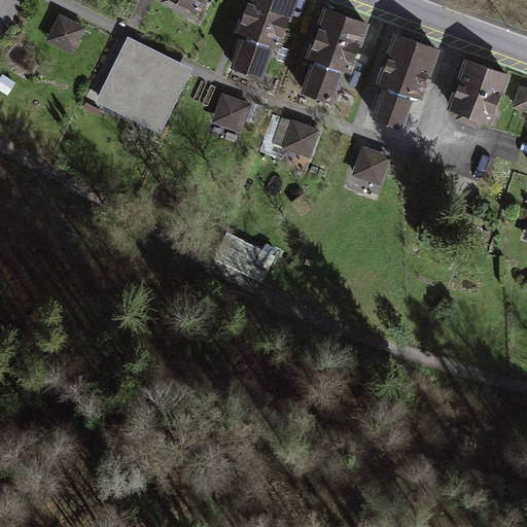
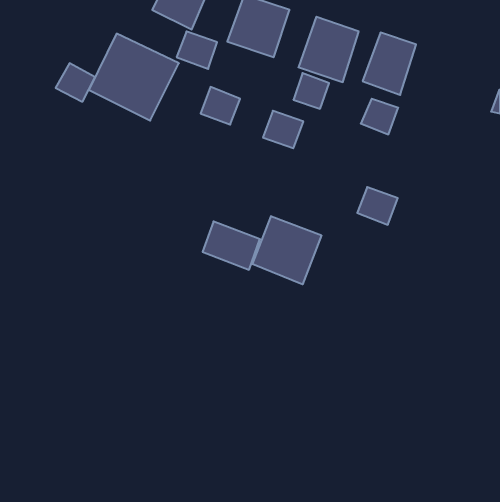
building: [41,11,82,51] -> [56,63,95,102]
building: [233,49,275,89] -> [177,31,217,69]
building: [444,59,502,124] -> none
building: [347,143,389,182] -> [357,187,398,225]
building: none -> [252,216,321,284]

